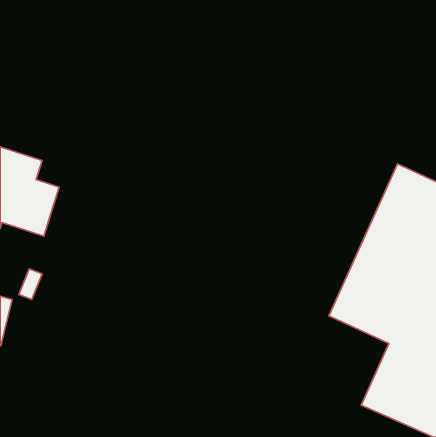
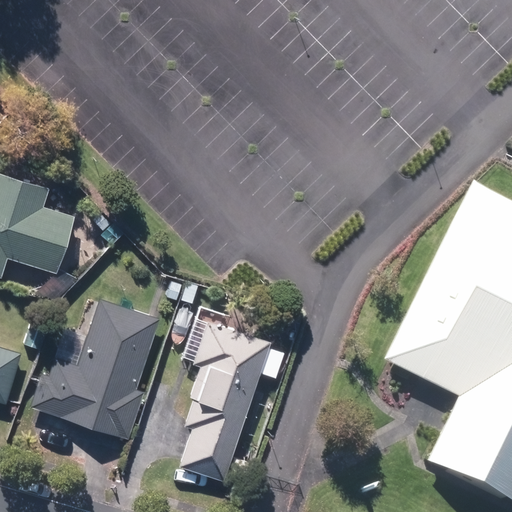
building: none -> [27,298,161,436]
building: none -> [178,319,268,479]

